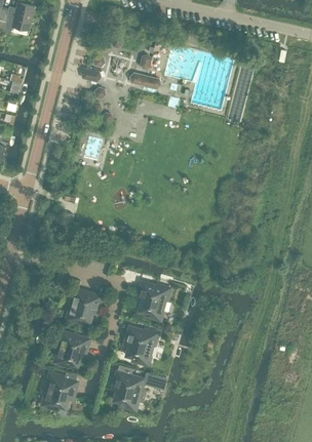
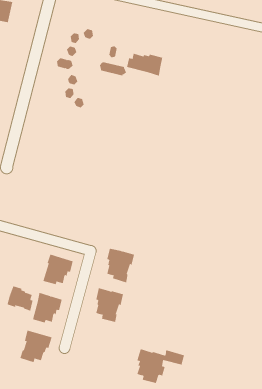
building: none -> [126,53,163,76]
building: none -> [7,285,33,312]
building: [112,370,166,409] -> [136,349,185,383]

